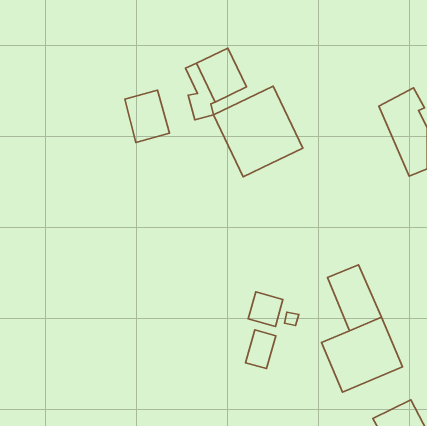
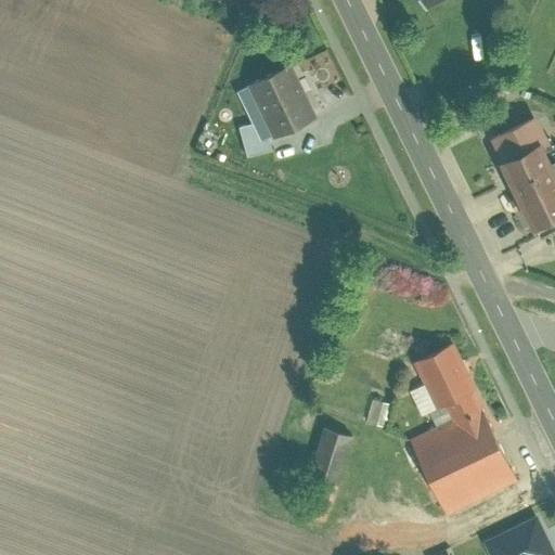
building: [213,86,303,177] -> none
building: [125,90,169,142] -> none
building: [248,292,283,326] -> none

